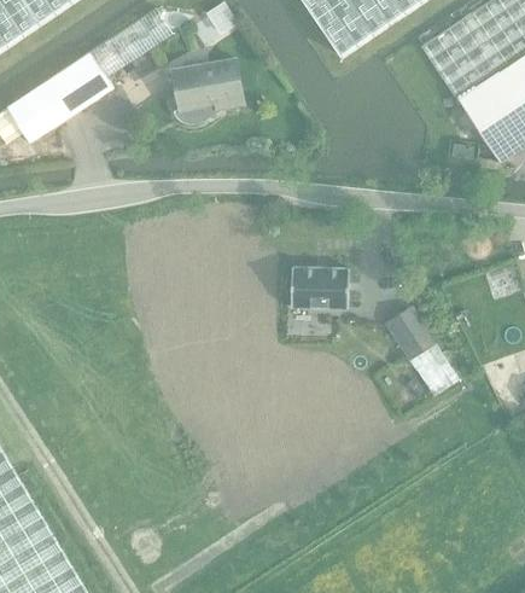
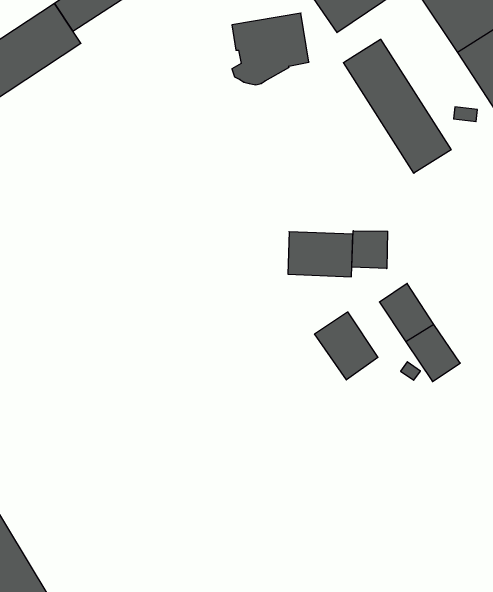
building: [174,59,244,124] -> [232,13,309,85]
building: none -> [343,39,451,173]
building: none -> [352,231,388,269]
building: none -> [315,312,378,380]

